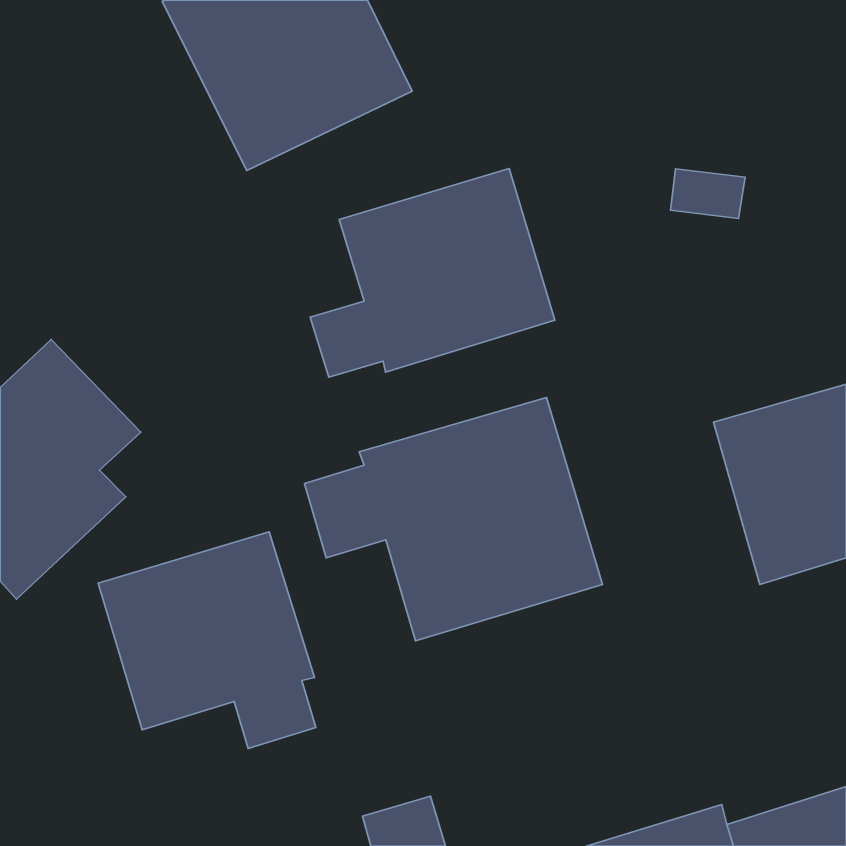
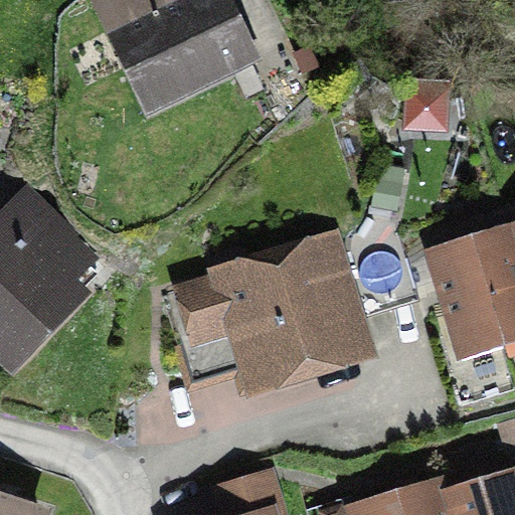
building: [310,169,555,377] -> none
building: [98,532,316,748] -> none

